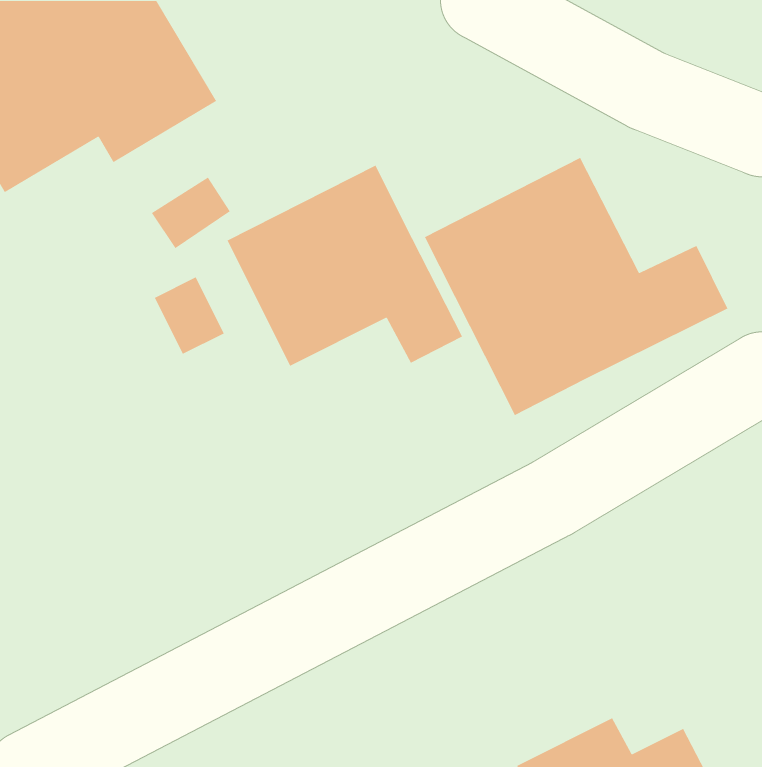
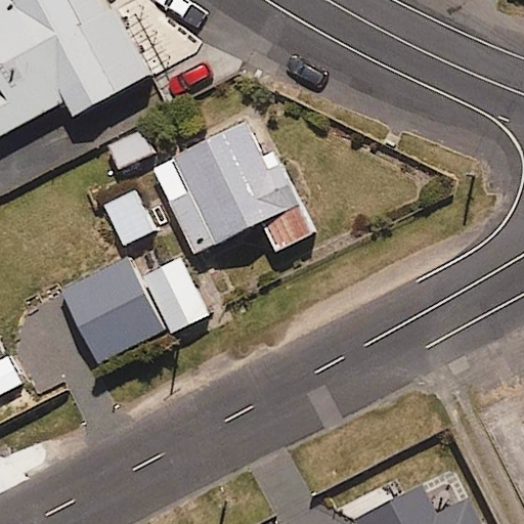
building: [424,157,729,416] -> none
building: none -> [61,258,204,361]

